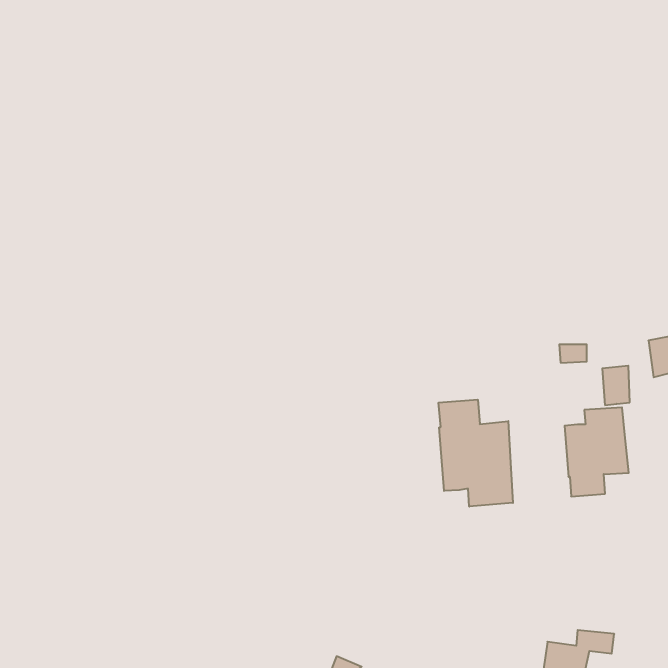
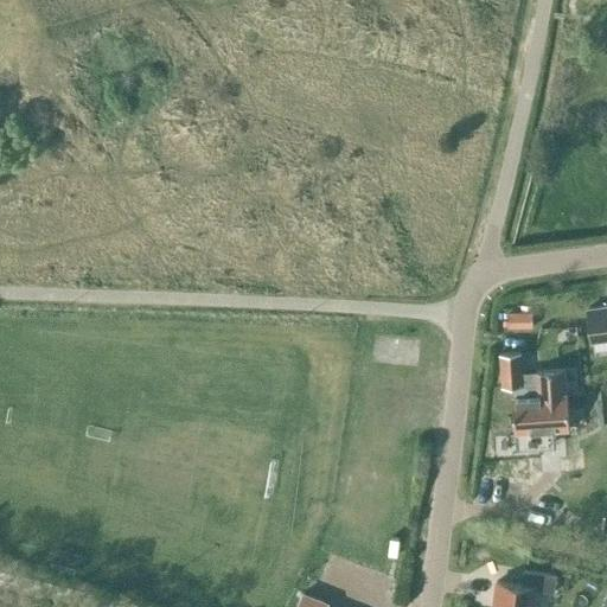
building: [602,366,630,405] -> [499,352,524,388]
building: [439,400,513,507] -> none

